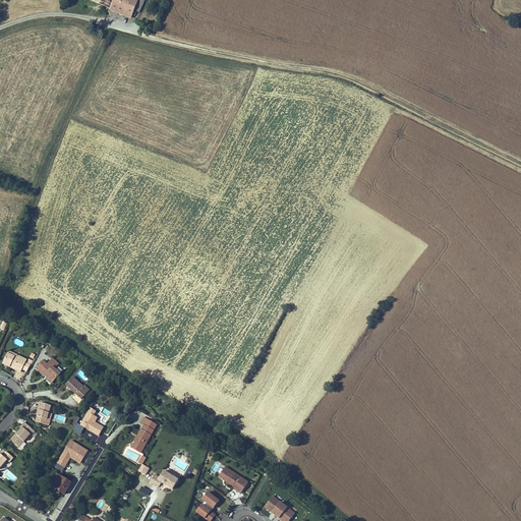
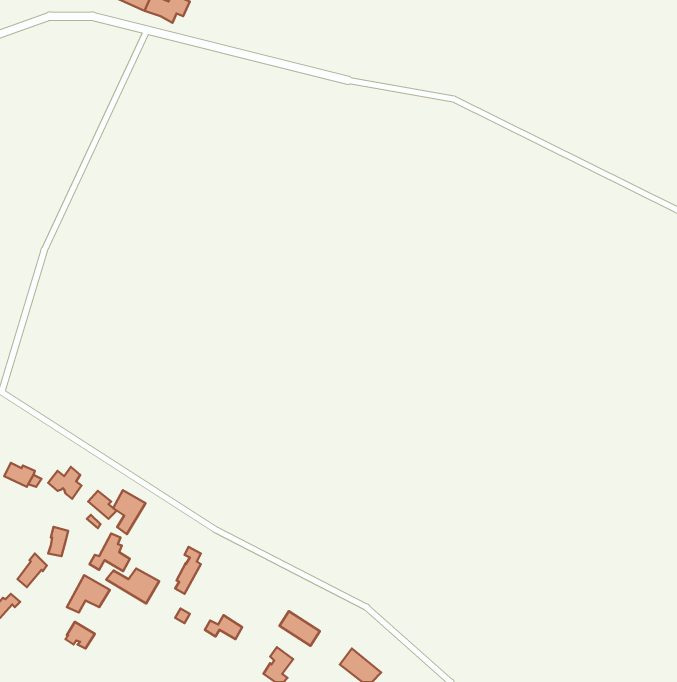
building: none -> [113,490,145,534]
building: none -> [106,569,159,603]

